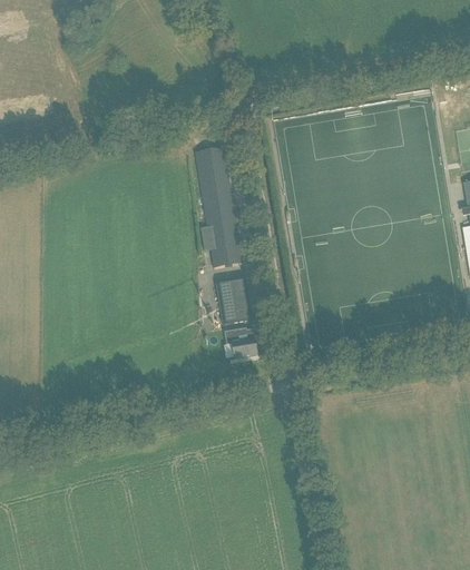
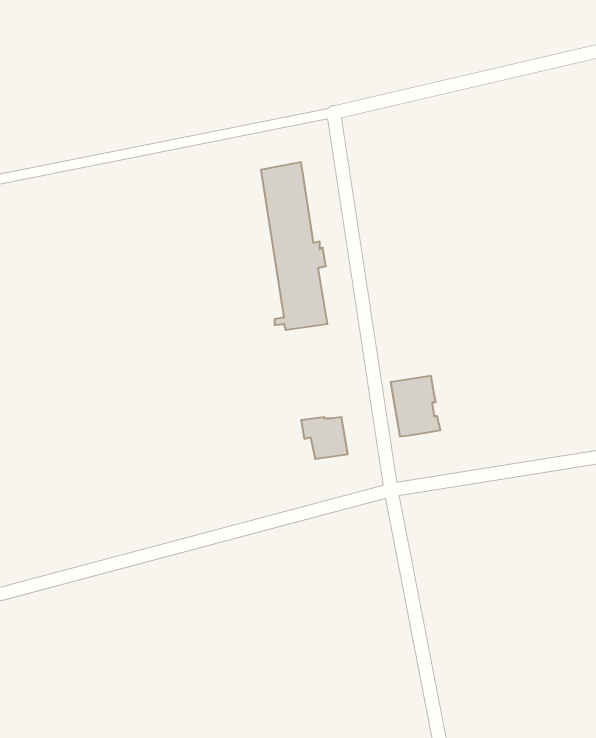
building: [214,279,249,323] -> [391,376,440,436]

